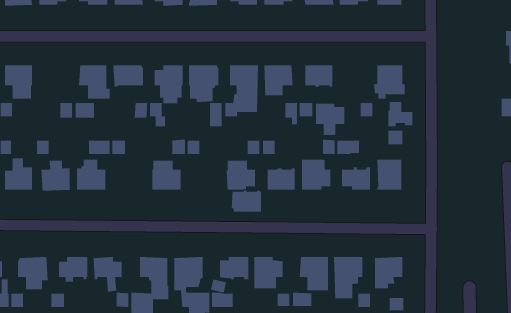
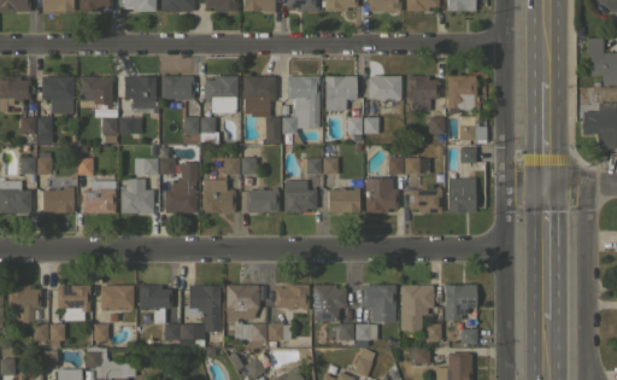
building: none -> [80,76,112,109]
building: [315,103,345,135] -> [406,76,439,111]
building: none -> [164,162,198,212]
building: [231,190,262,212] -> [245,188,278,212]

